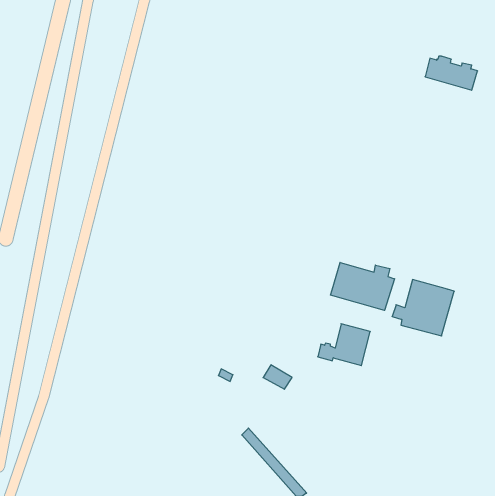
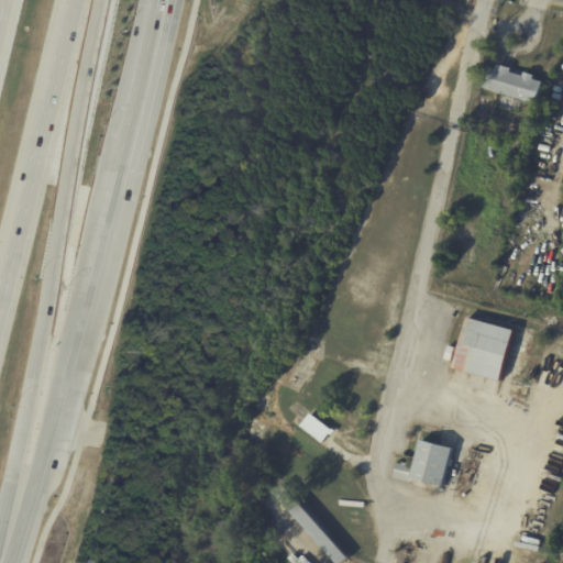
building: [331,262,395,310] -> none
building: [318,324,370,366] -> [391,440,451,487]

